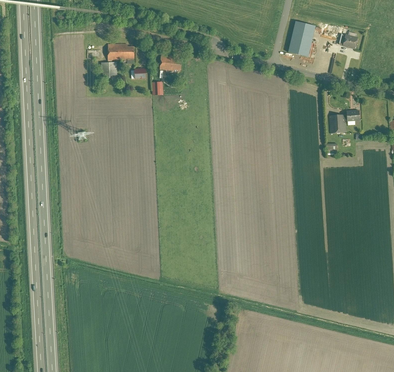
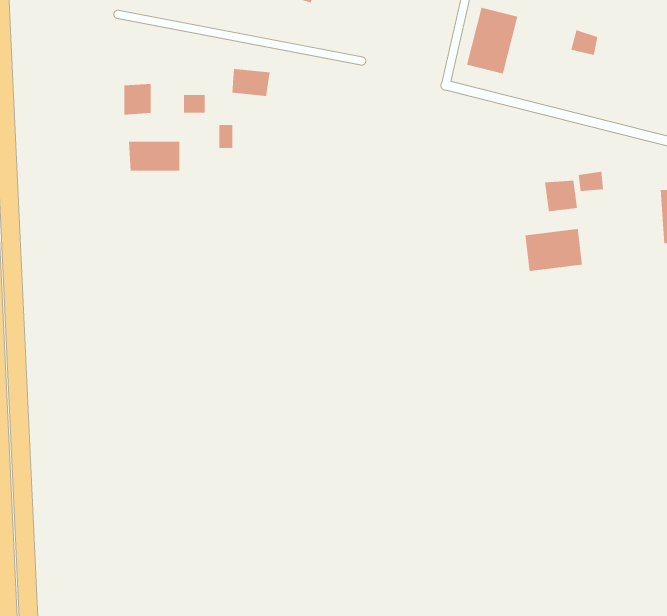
building: [108,44,136,60] -> [128,141,180,171]
building: none -> [525,228,582,272]

